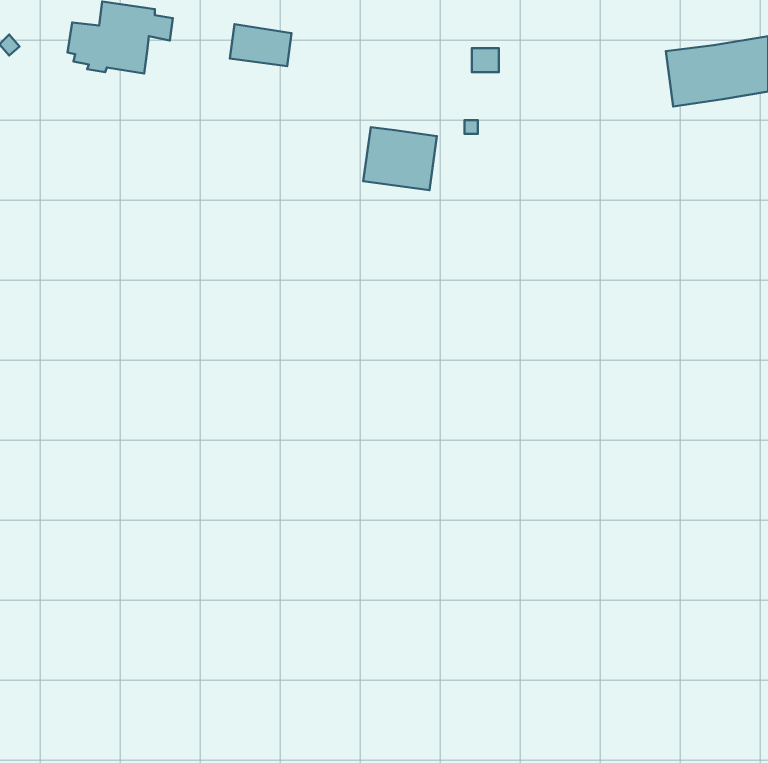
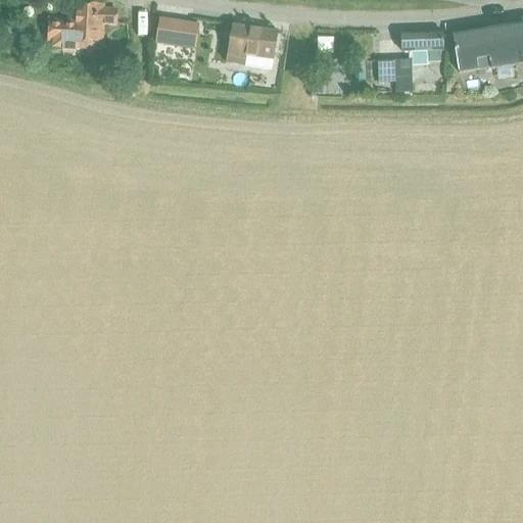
building: none -> [378,32,440,90]
building: [363,127,437,190] -> [227,25,277,67]

